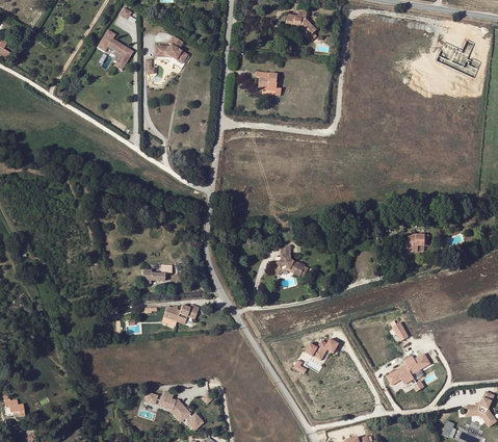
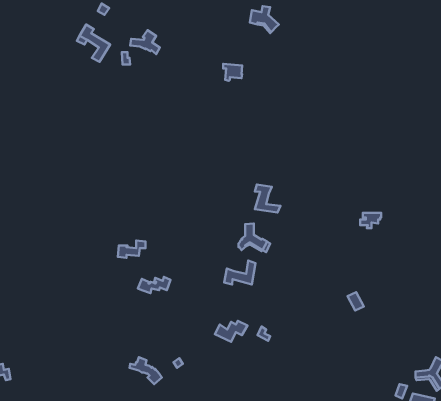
building: none -> [255,185,280,212]
building: none -> [224,260,255,284]
building: [304,337,339,360] -> [215,321,247,342]
building: [385,352,430,385] -> none

